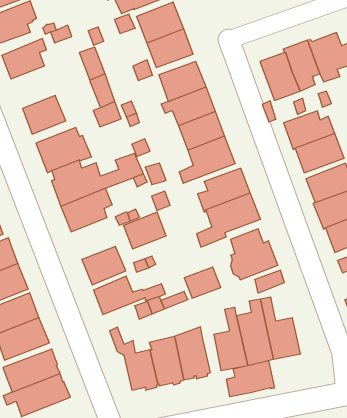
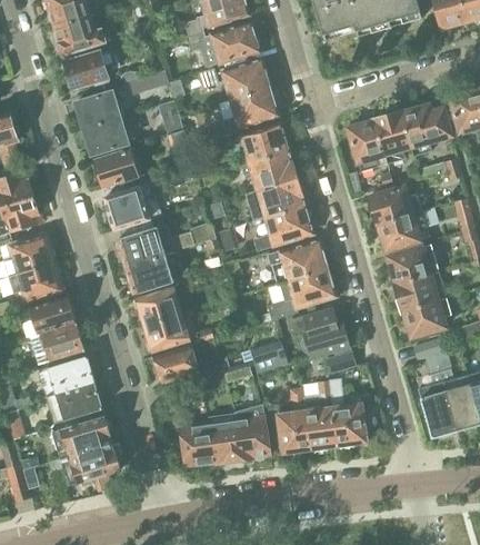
building: none -> [83,115,129,153]
building: [123,212,166,249] -> [136,286,180,323]
building: [227,360,274,397] -> none

